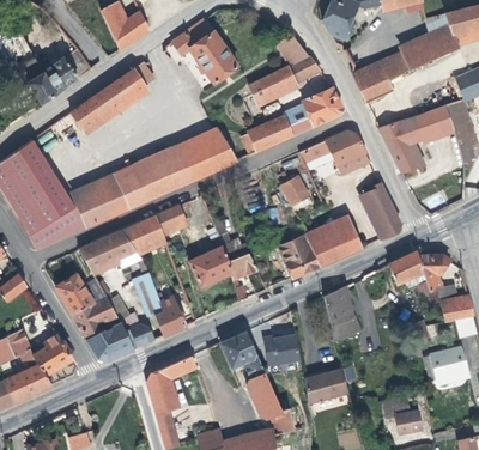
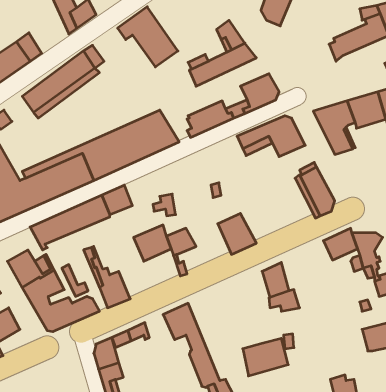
building: [351,51,402,103] -> none
building: [280,177,309,213] -> none
building: [302,215,360,267] -> none
building: [265,335,301,365] -> none

